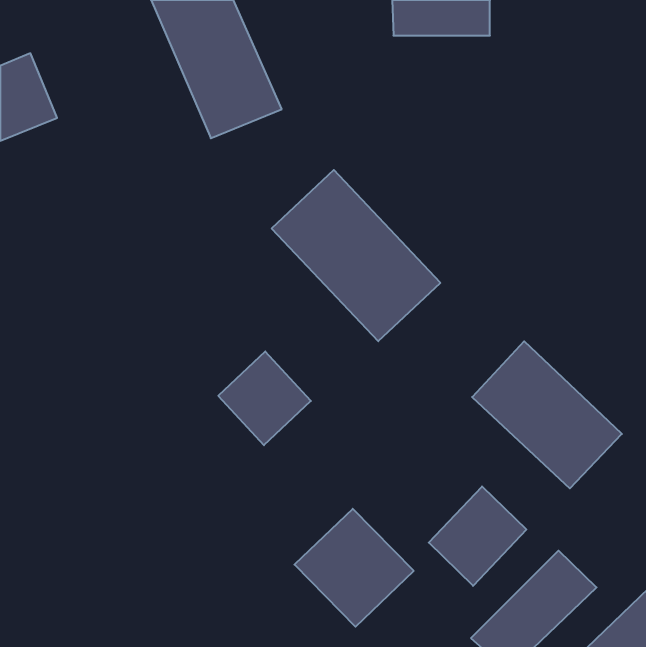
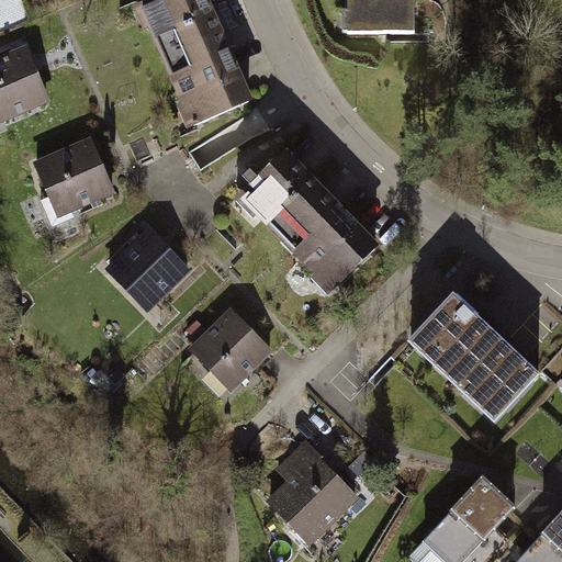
building: none -> [32,136,113,214]
building: none -> [101,220,189,307]
building: [429,486,526,586] -> none

